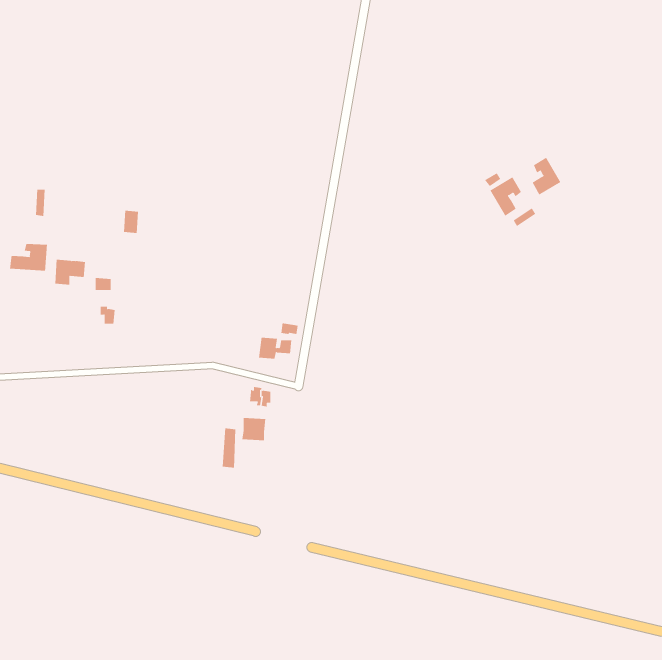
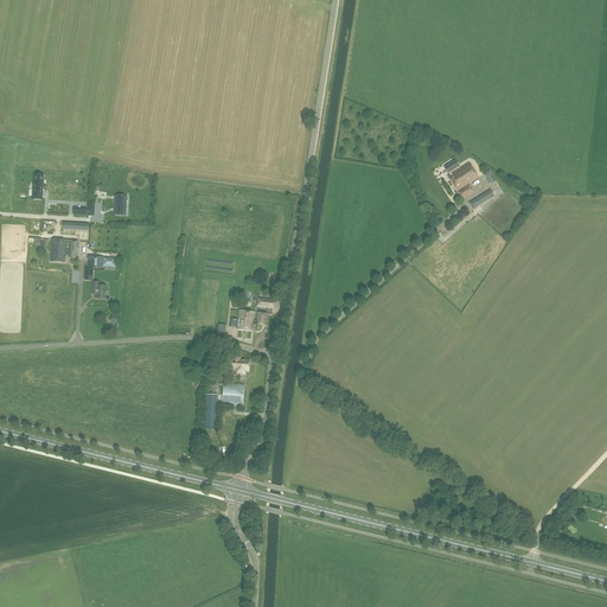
building: [532,157,561,196] -> none
building: [10,243,48,272] -> none

